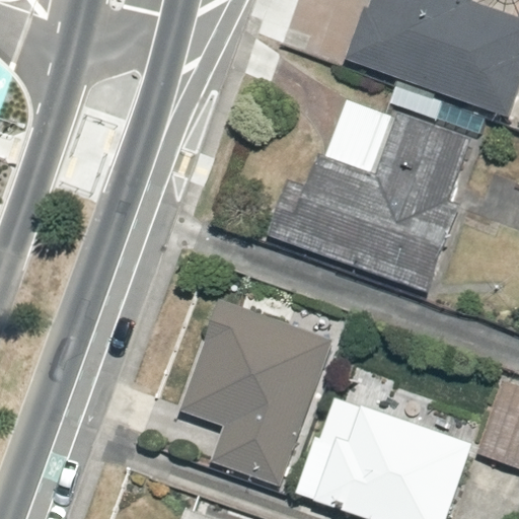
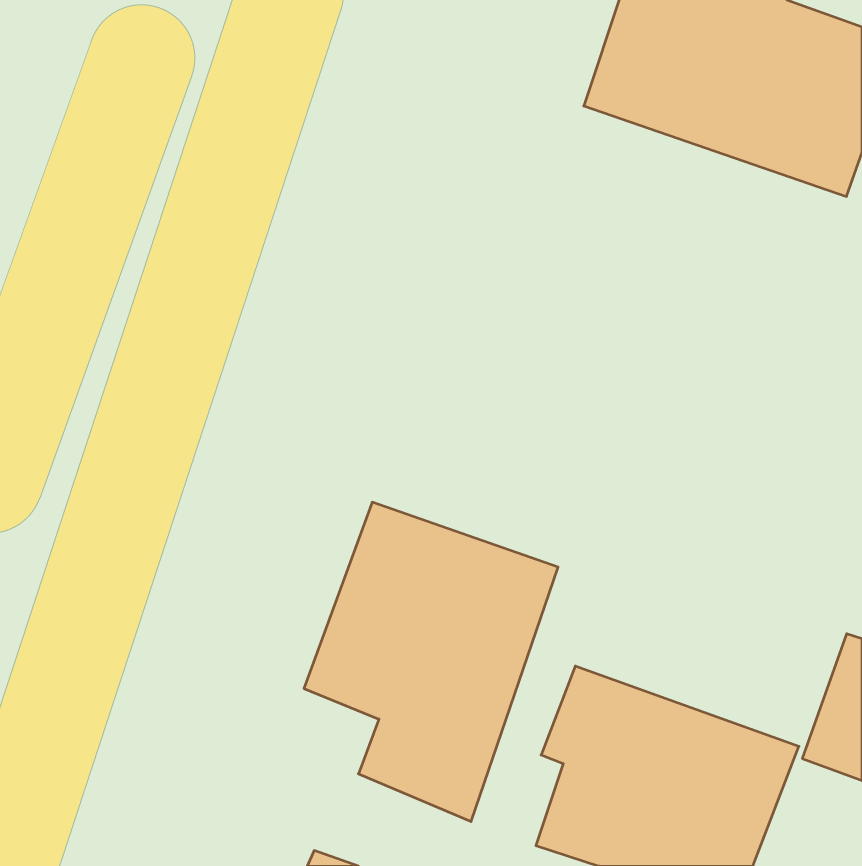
building: [267,109,469,295] -> none

